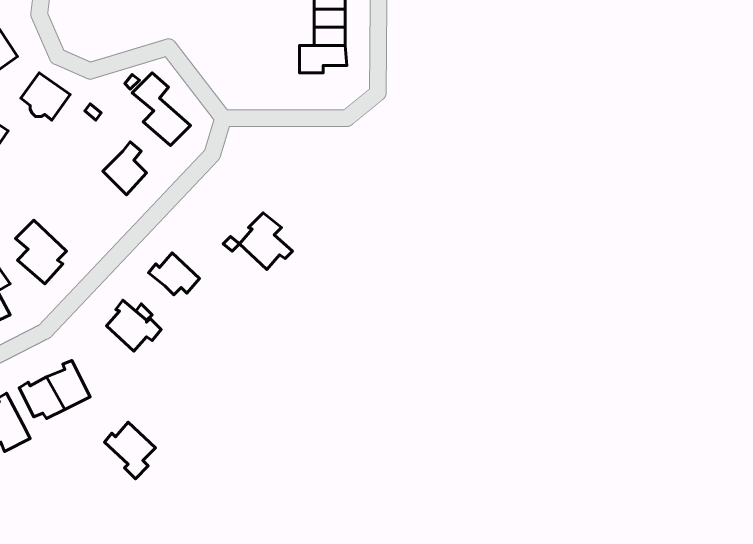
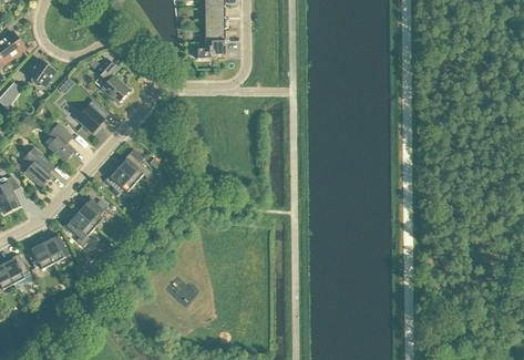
building: none -> [48,122,74,160]
building: [240,213,292,269] -> [119,147,151,182]
building: [105,422,156,479] -> [64,210,95,245]

